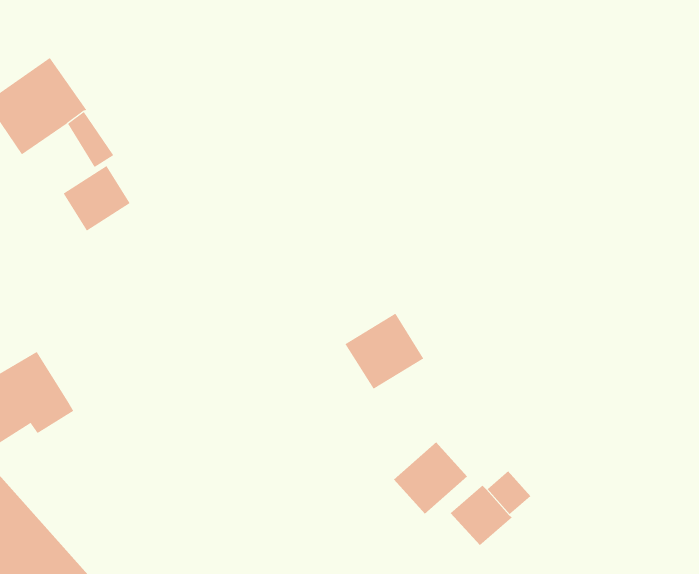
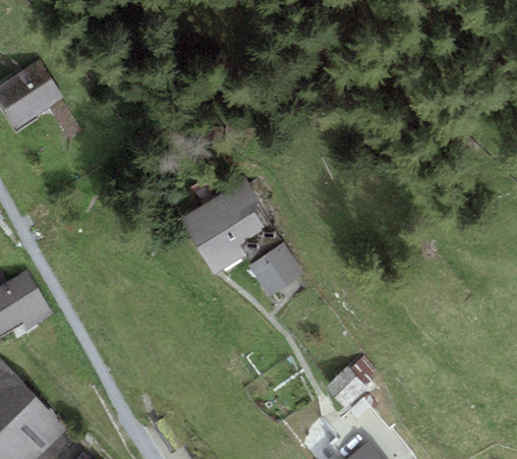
building: [63,165,131,231] -> none
building: none -> [179,179,273,275]
building: [393,441,468,515] -> none

